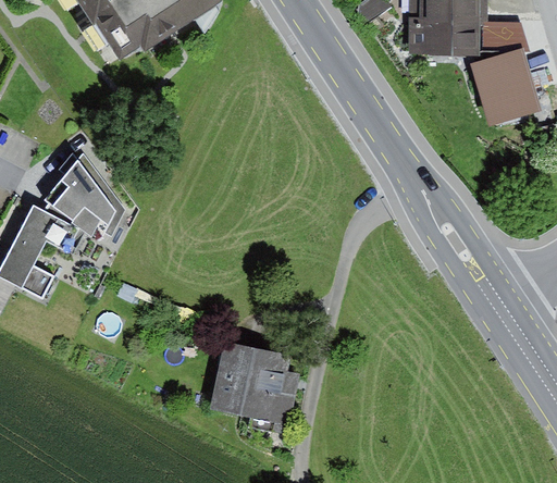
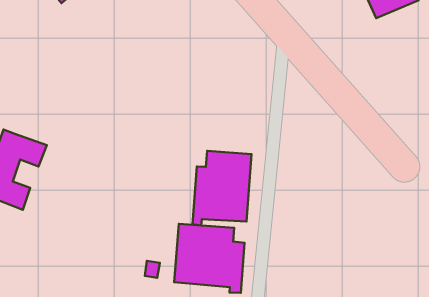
building: [42,152,124,240] -> none
building: none -> [192,151,251,225]

